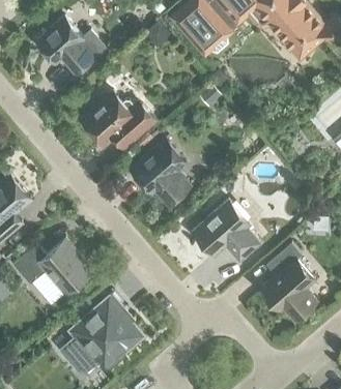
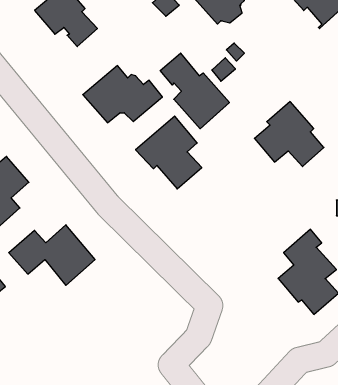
building: none -> [160,53,229,129]
building: [194,199,258,259] -> [254,102,324,167]
building: [67,292,142,371] -> none

